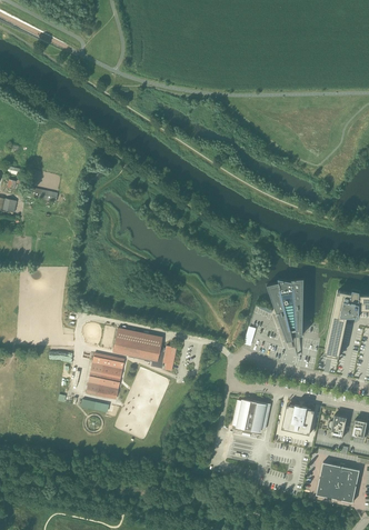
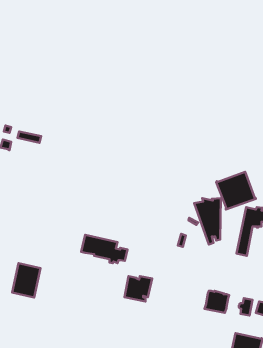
building: none -> [216,172,256,209]
building: [86,352,124,399] -> [12,263,41,297]
building: [232,400,270,434] -> [124,276,152,301]

